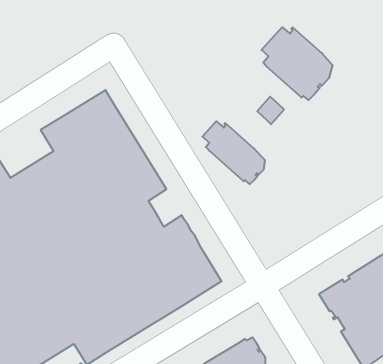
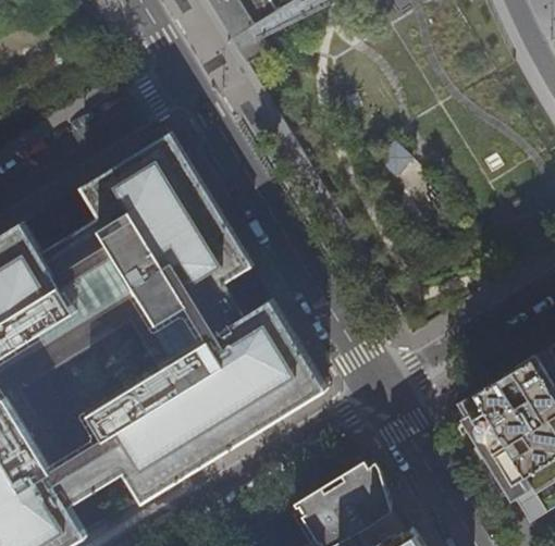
building: [261,27,333,100] -> none
building: [202,121,265,184] -> none

